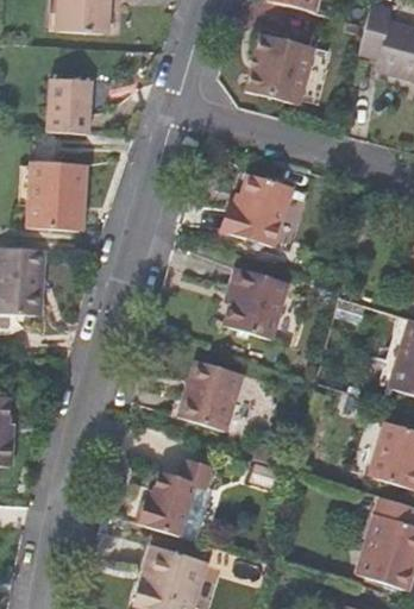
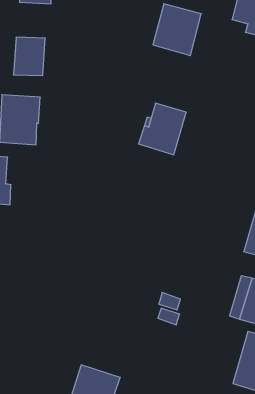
building: [225,268,288,340] -> none
building: [178,360,243,429] -> none
building: [139,460,214,542] -> none

